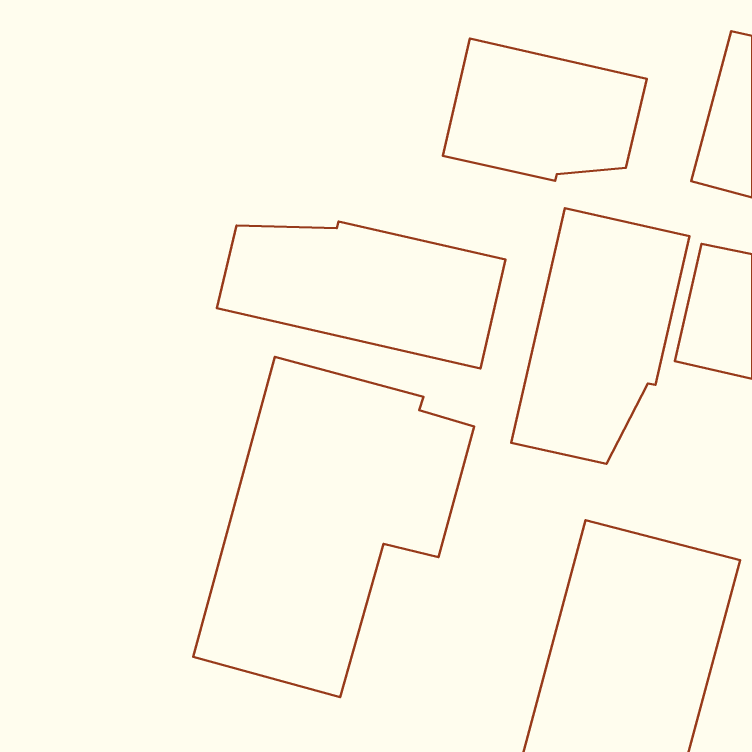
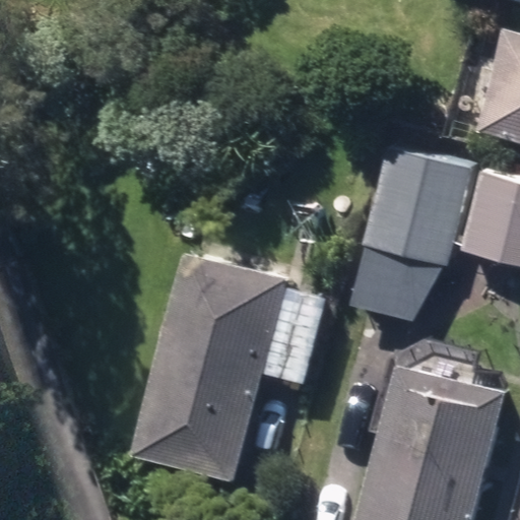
building: [443,38,647,181] -> none
building: [217,222,505,368] -> none

